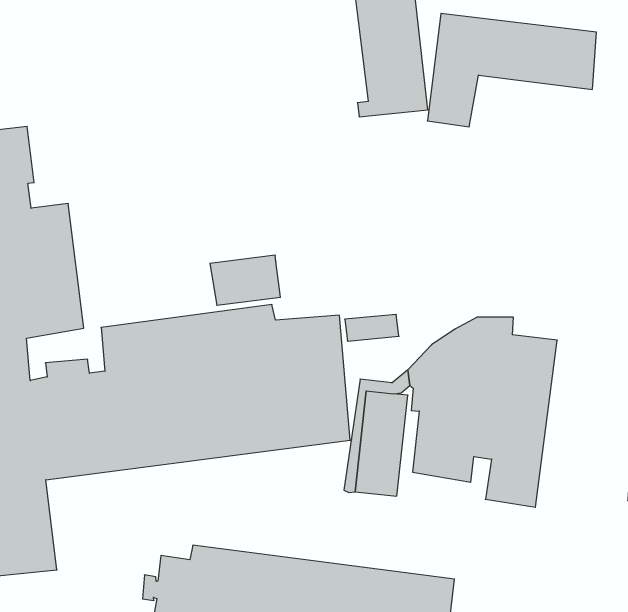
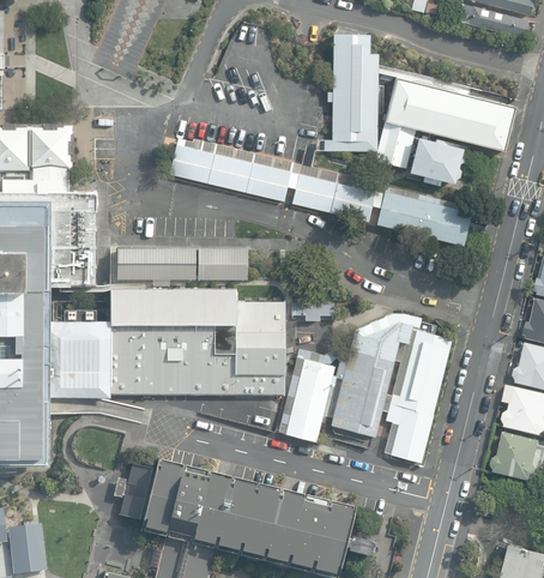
building: none -> [409,137,466,185]
building: none -> [169,138,472,245]
building: none -> [116,247,195,279]

